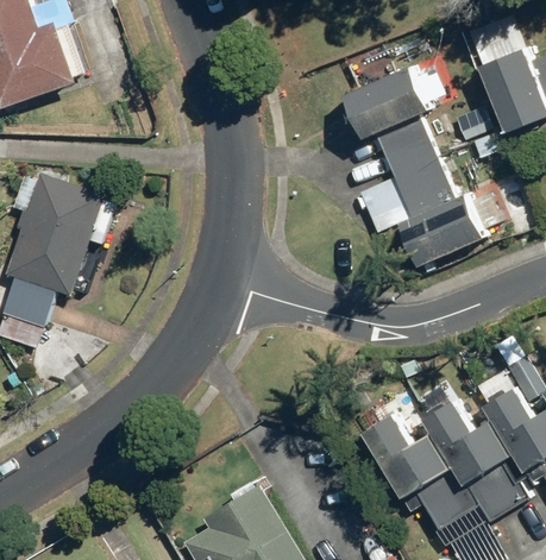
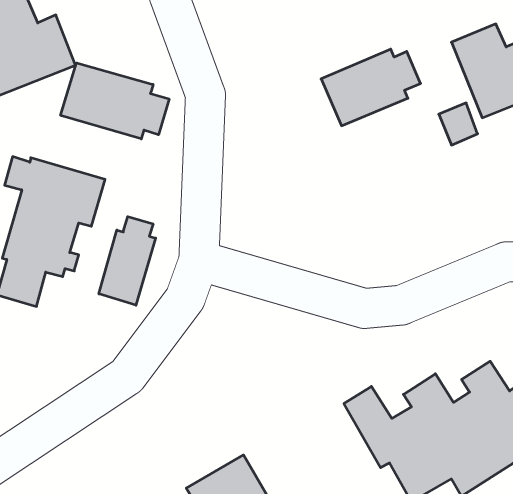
building: none -> [61,63,169,139]
building: [354,138,502,268] -> none
building: none -> [99,217,156,305]

